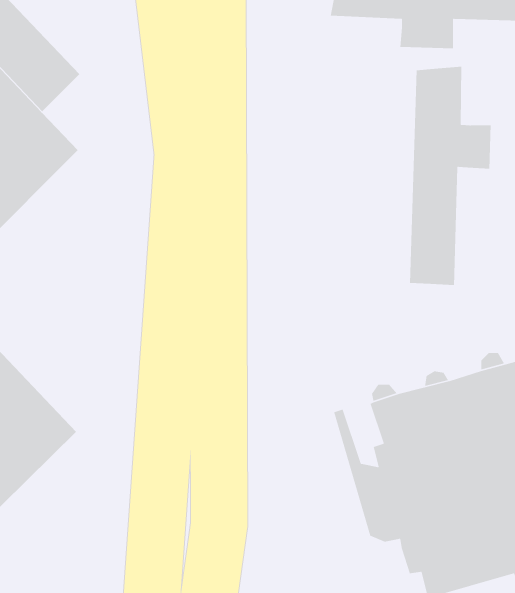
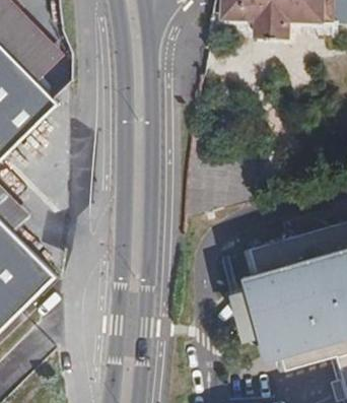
building: [409,66,492,286] -> none

